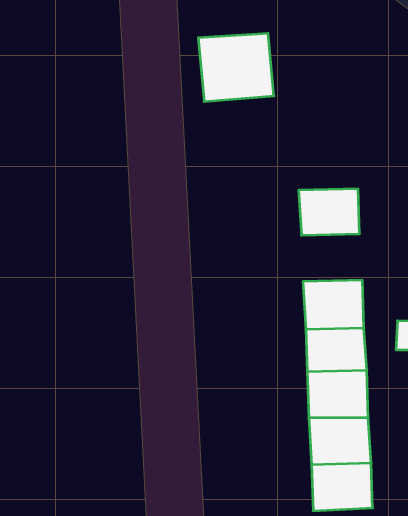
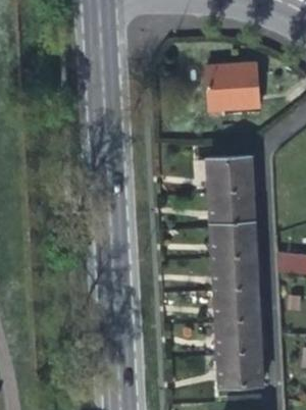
building: [198,33,274,102] -> [206,65,259,113]
building: none -> [212,192,255,225]

